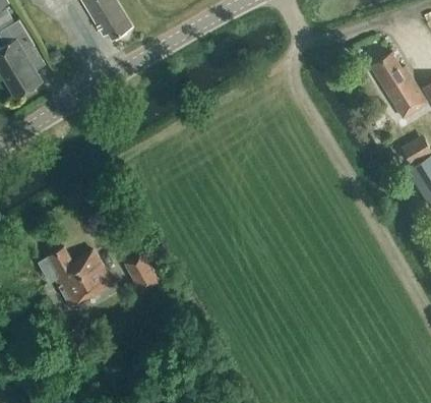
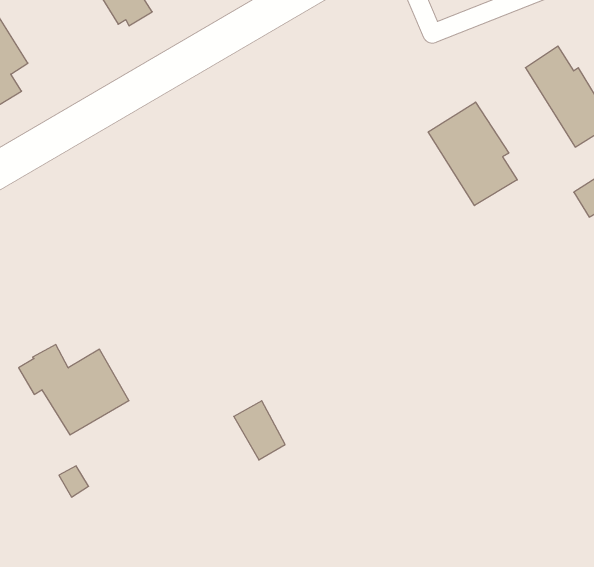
building: none -> [428,102,517,206]
building: [124,253,158,292] -> [234,401,285,460]

